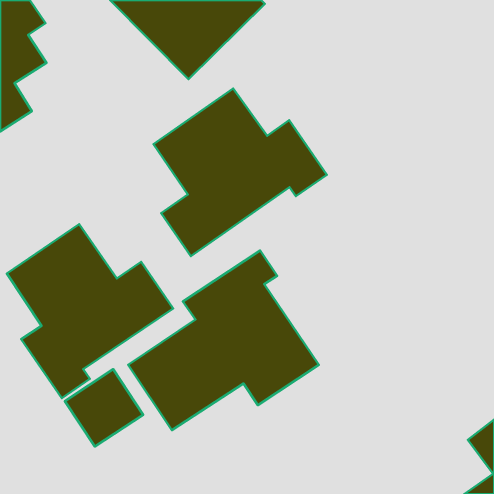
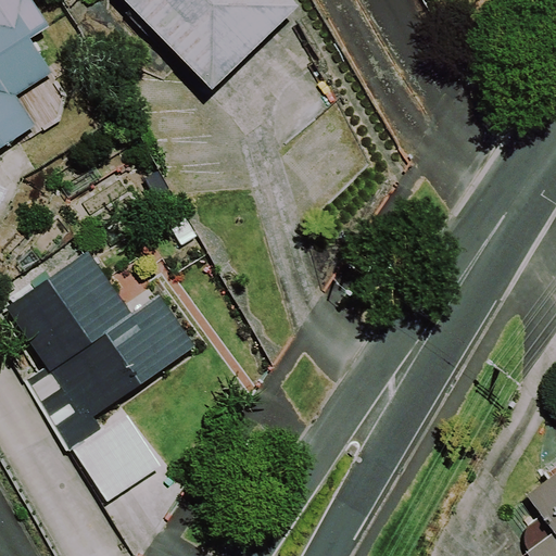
building: [154,89,327,256] -> none
building: [128,250,319,430] -> none

